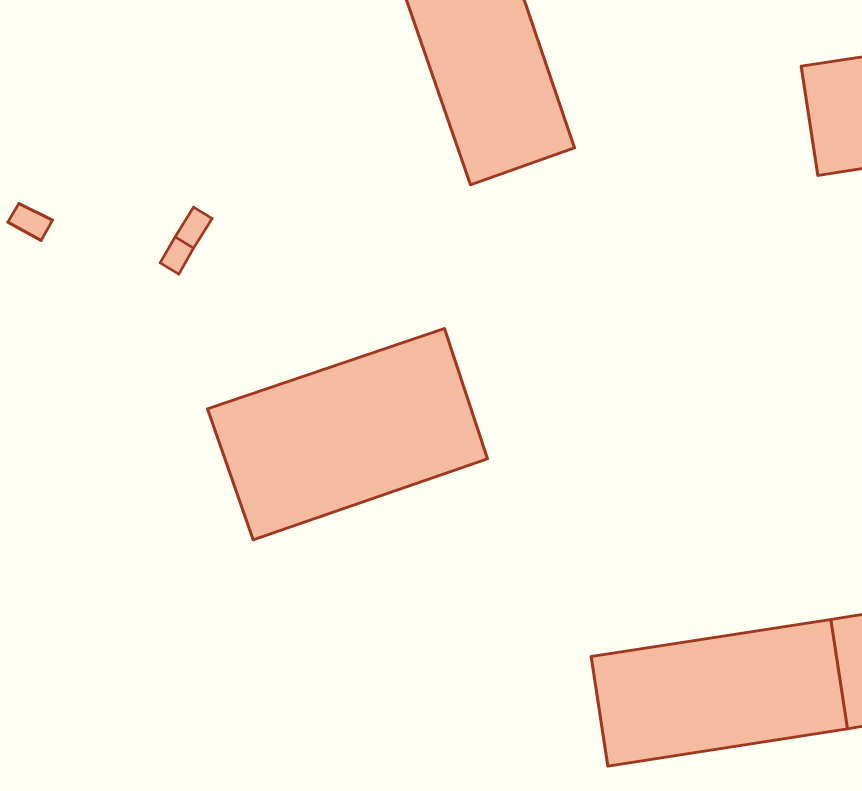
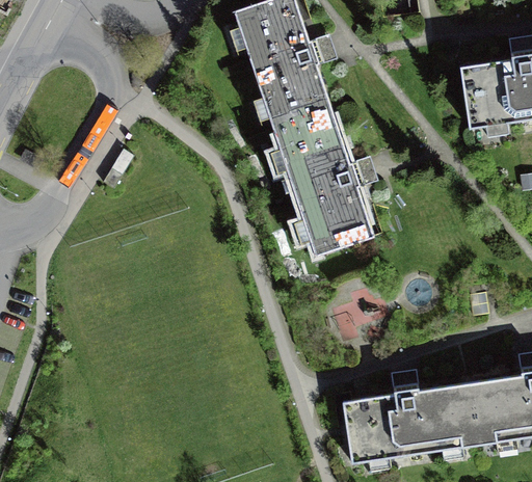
building: none -> [276,115,375,255]
building: [207,328,487,540] -> none

